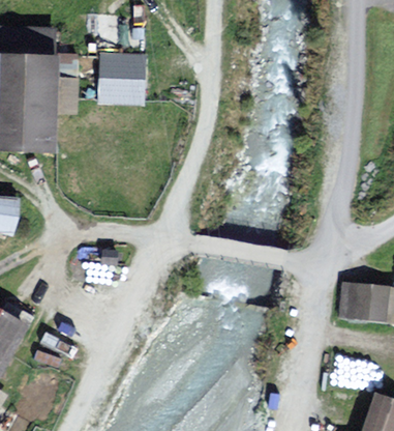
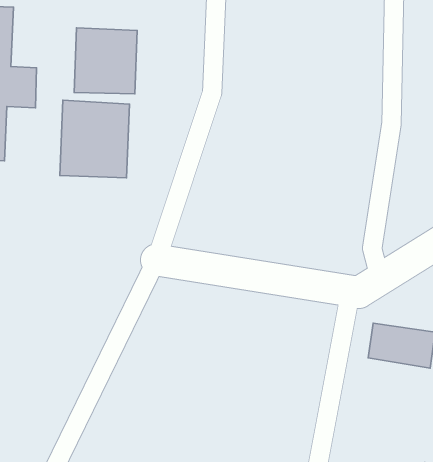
building: none -> [60,100,129,178]

